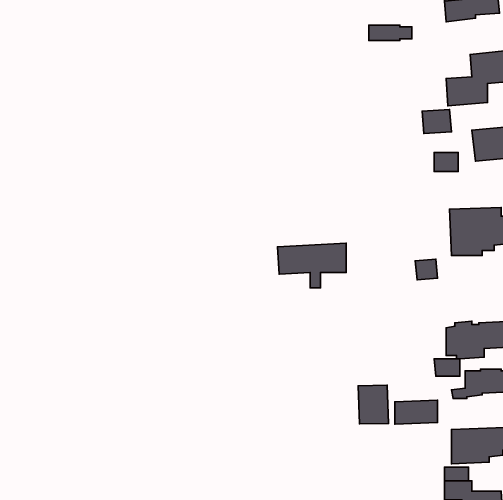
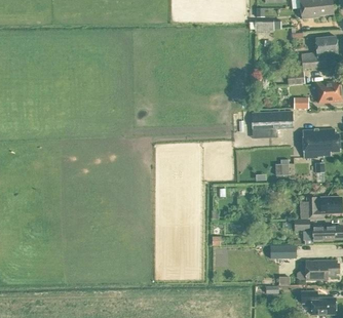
building: [277,243,346,288] -> [252,110,293,136]
building: [358,385,389,424] -> none

